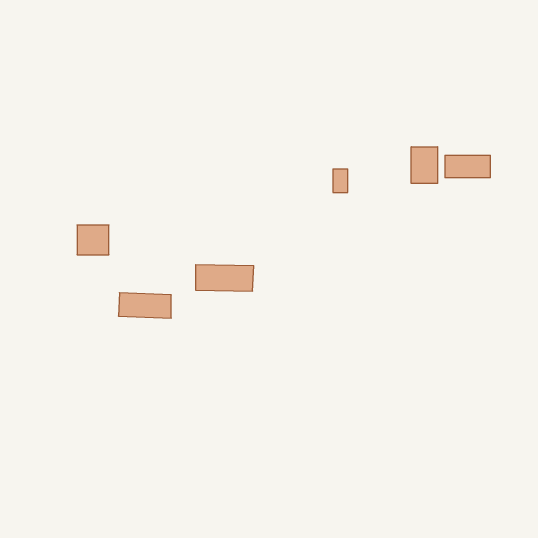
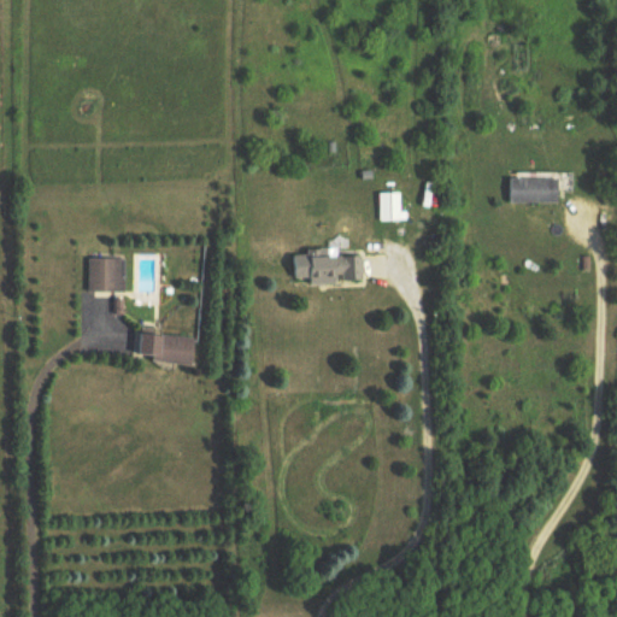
building: [411,147,438,183] -> none
building: [196,265,254,291] -> [294,253,360,283]

